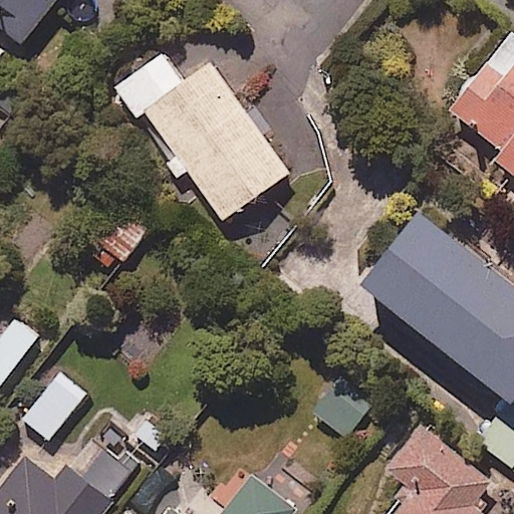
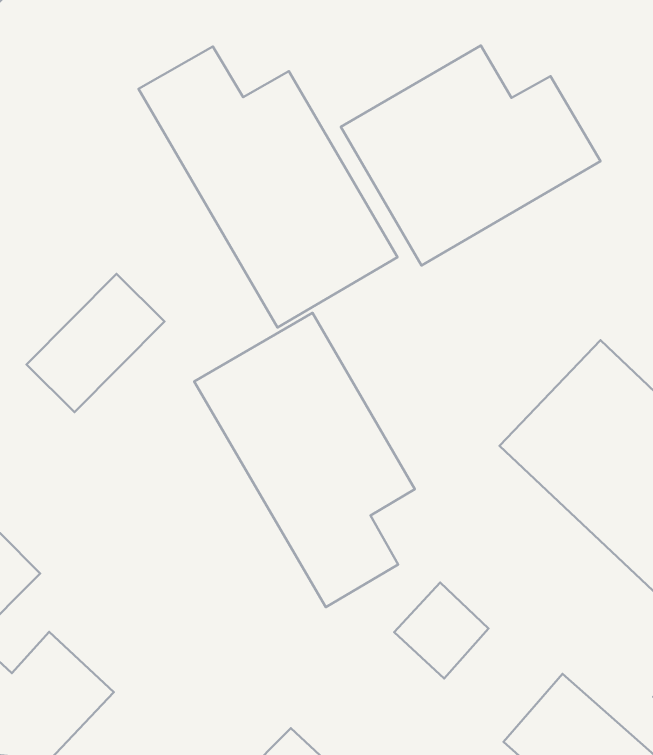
building: none -> [341,46,601,266]
building: none -> [194,313,415,607]

